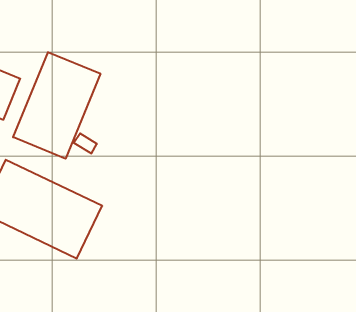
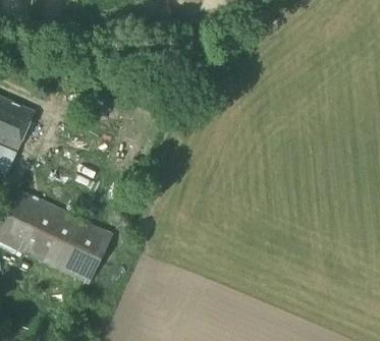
building: [13,52,100,159] -> none

